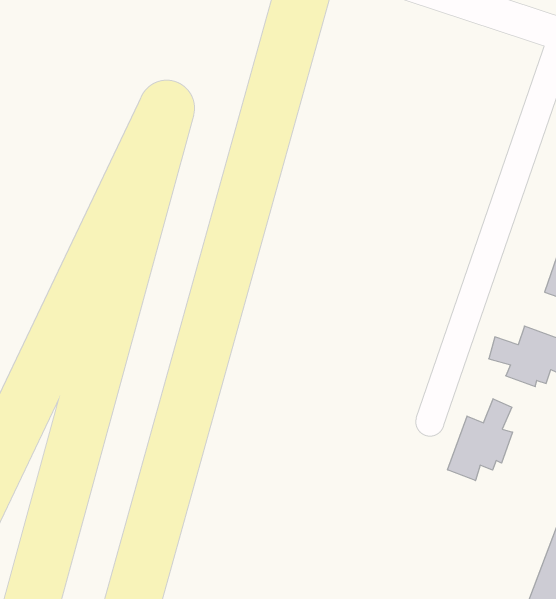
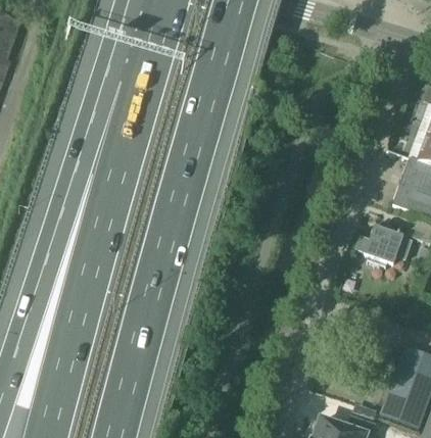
building: [448,399,513,481] -> none

